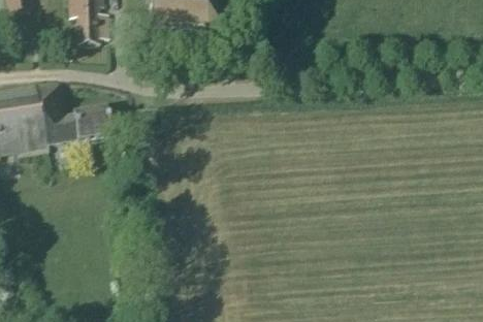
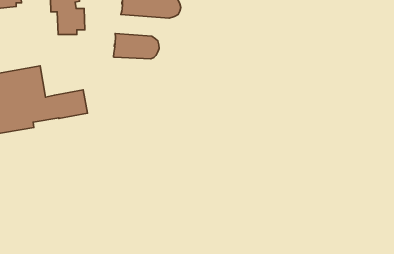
building: none -> [114,33,159,59]

